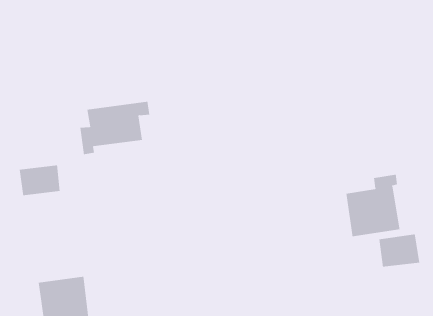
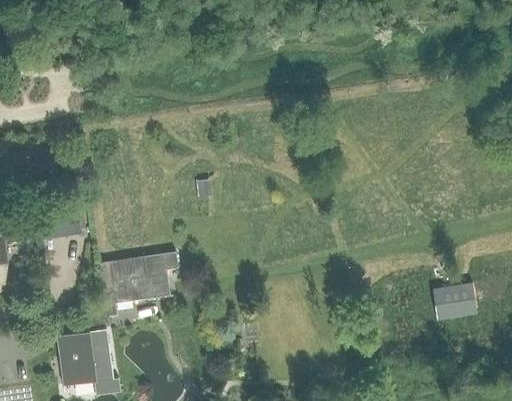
building: [79,101,150,155] -> [99,253,177,312]
building: [346,174,400,237] -> none

